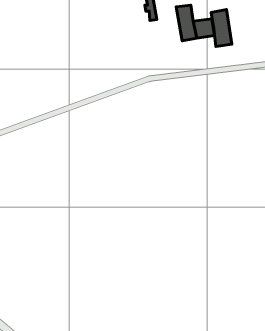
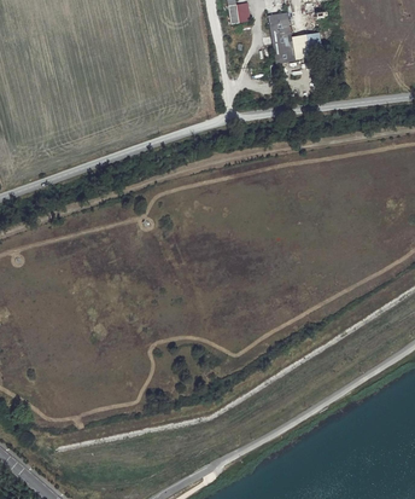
building: [211,9,232,47] -> none

